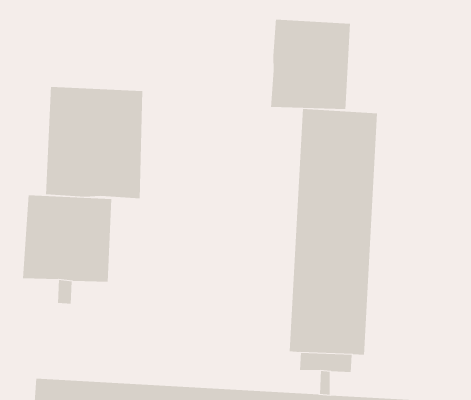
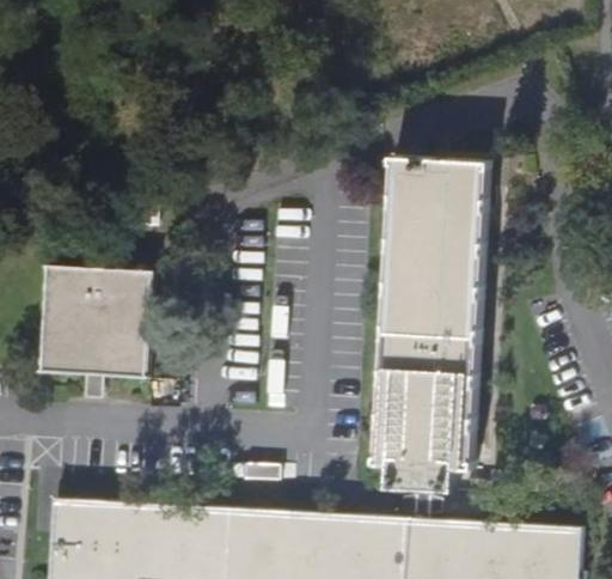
building: [270,19,351,110] -> none
building: [45,86,143,199] -> none

